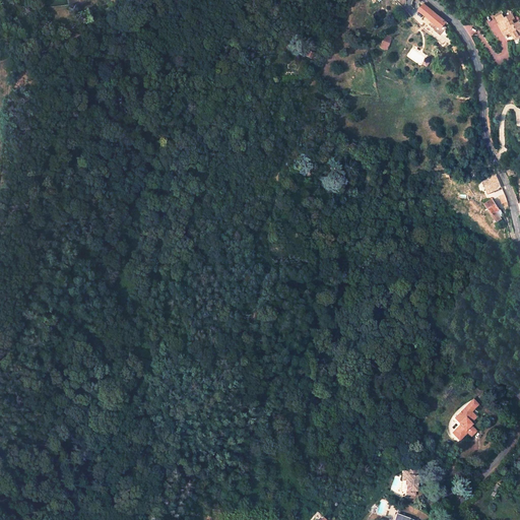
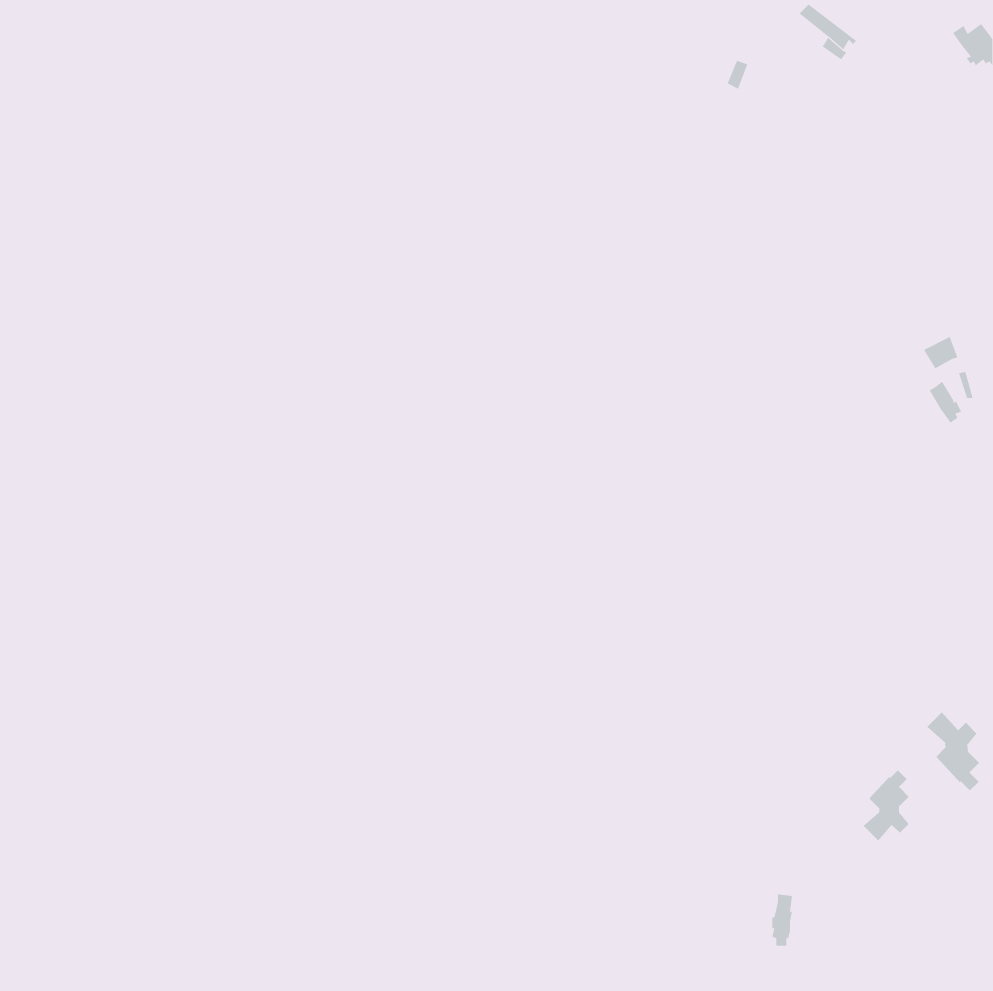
building: none -> [926,711,980,791]

